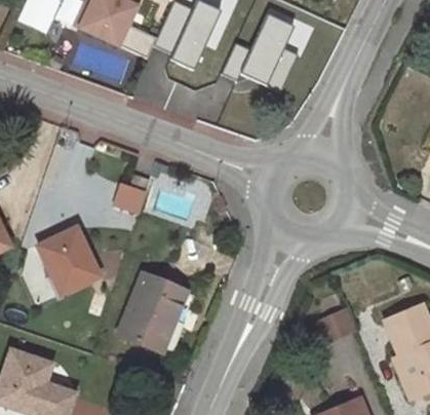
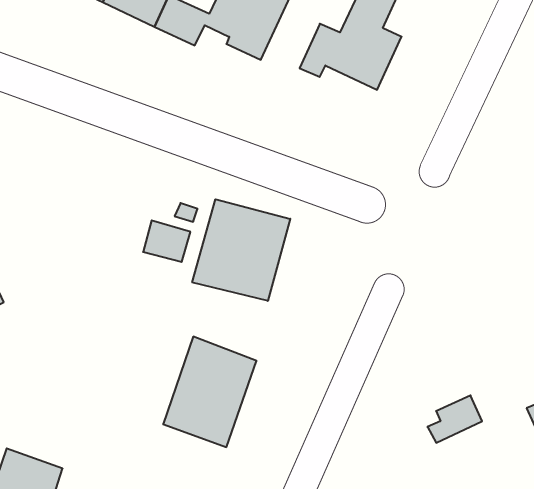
building: none -> [192,199,290,301]
building: [38,228,101,294] -> none

